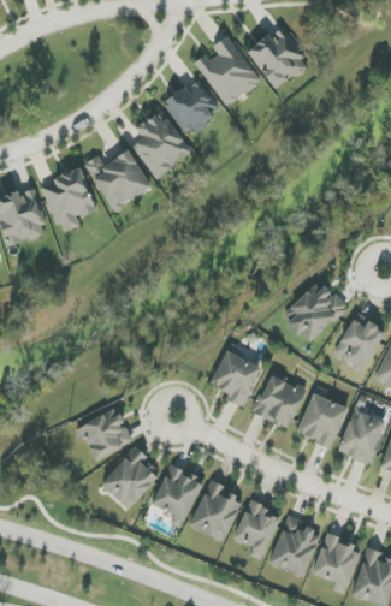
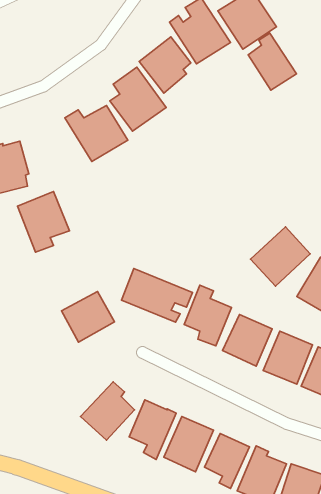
building: none -> [248,33,297,90]
building: [41,167,96,232] -> [18,192,69,252]
building: none -> [121,268,192,322]
building: [76,406,132,461] -> [62,292,114,342]

